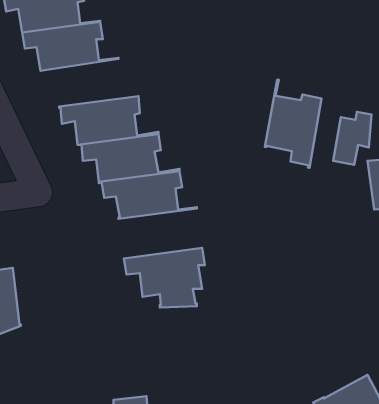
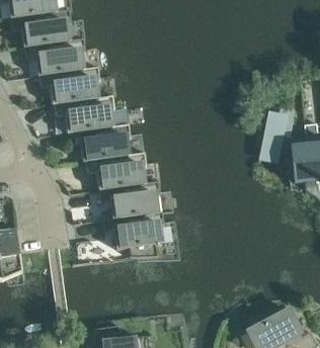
building: none -> [38,67,113,103]
building: [265,80,322,168] -> none
building: none -> [98,181,162,220]

